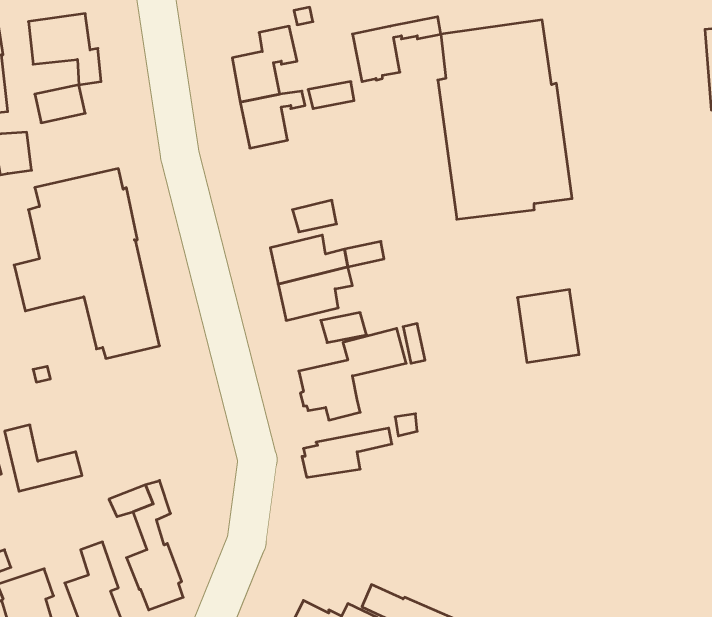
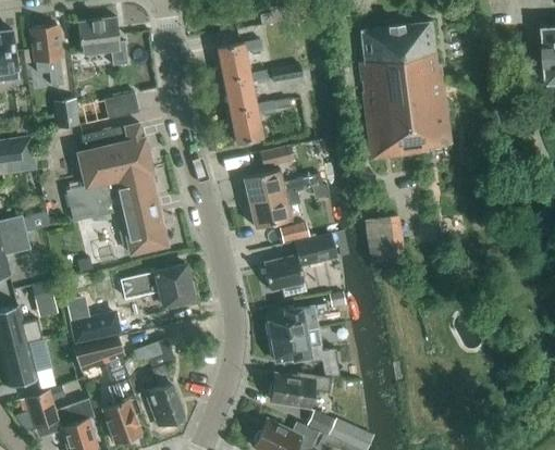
building: [352,17,441,82] -> [230,98,291,142]
building: [35,85,85,123] -> [104,92,139,118]
building: [517,290,579,362] -> [363,214,406,264]
building: none -> [121,264,196,305]
building: none -> [269,328,337,368]
building: none -> [73,337,124,372]
building: none -> [270,372,332,410]

